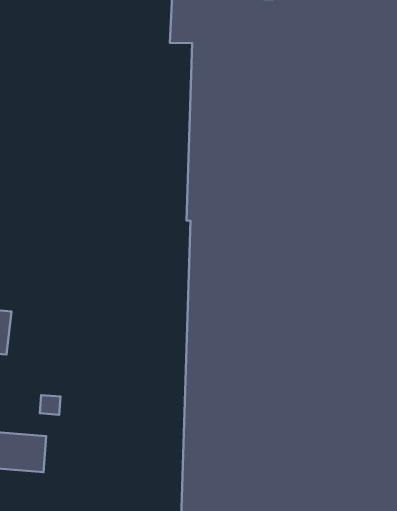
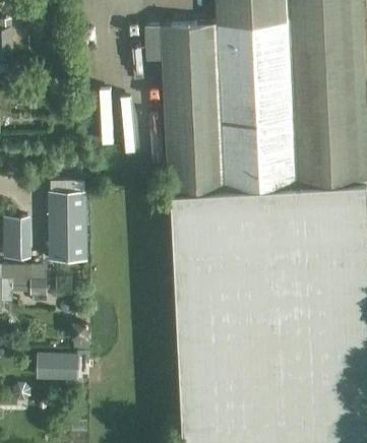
building: none -> [49,192,83,261]

